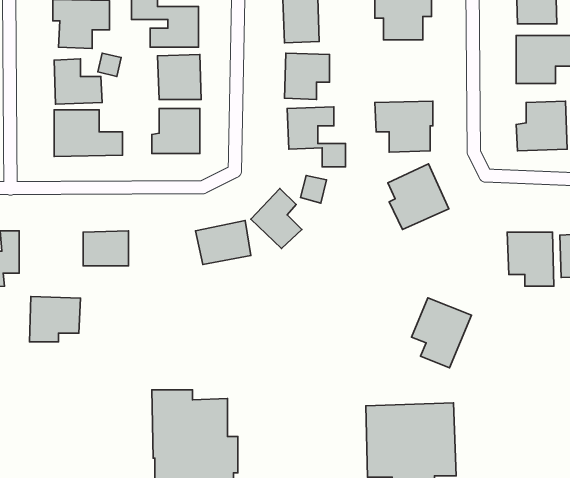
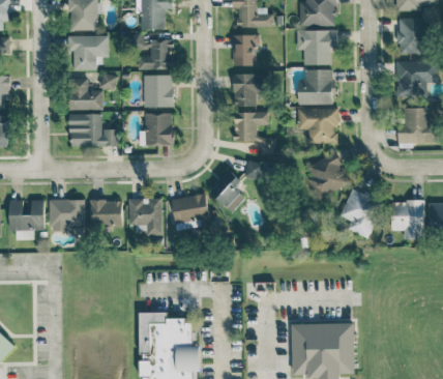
building: none -> [297,69,334,105]
building: none -> [128,198,161,235]
building: [29,297,80,342] -> [49,199,85,231]
building: [412,298,471,368] -> [341,188,383,238]

